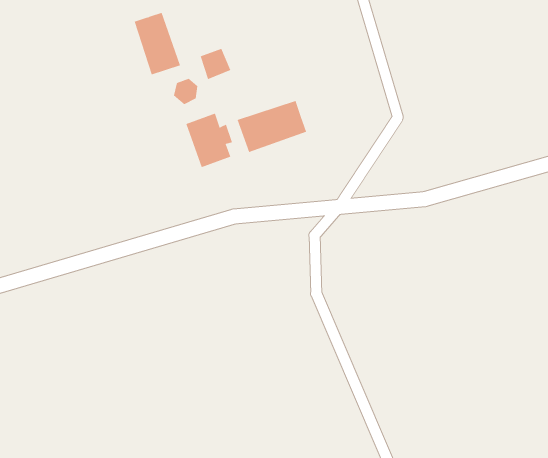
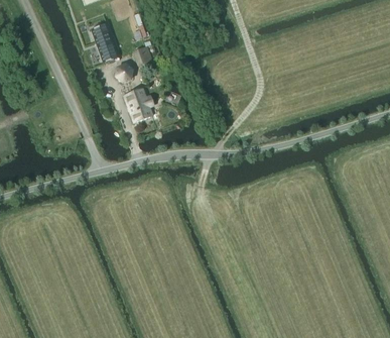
building: [237,100,307,153] -> none

